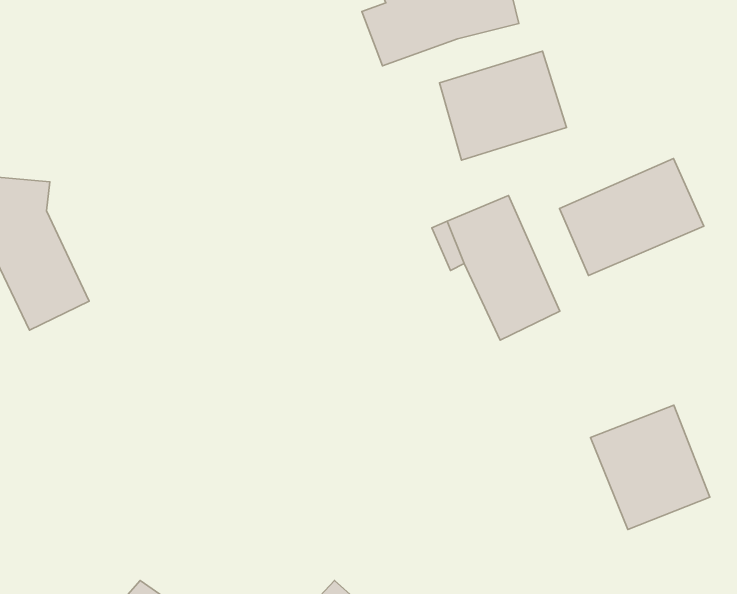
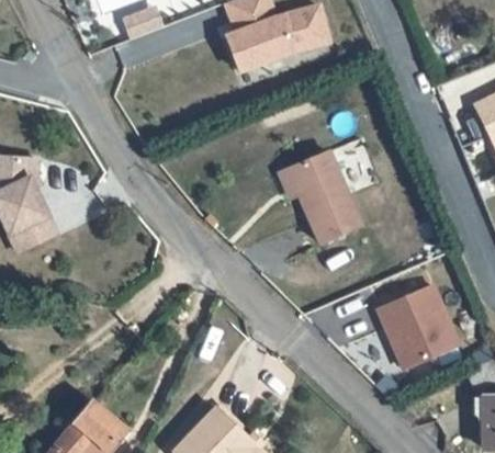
building: [439,51,566,160] -> none
building: [560,158,704,276] -> none

